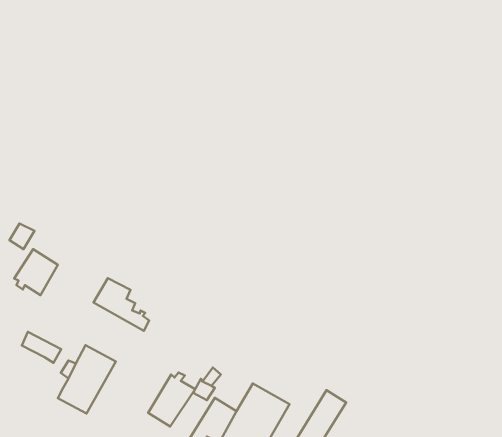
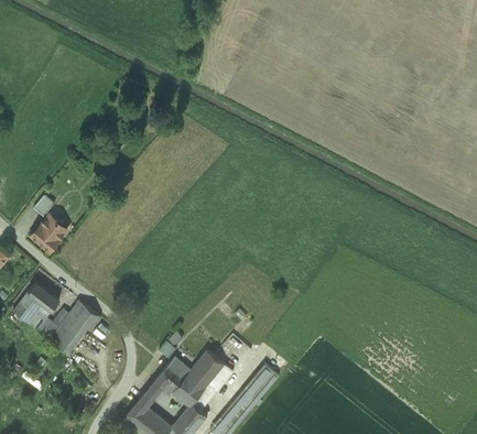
building: [94,278,149,331] -> [14,291,56,337]
building: [148,373,195,427] -> none

